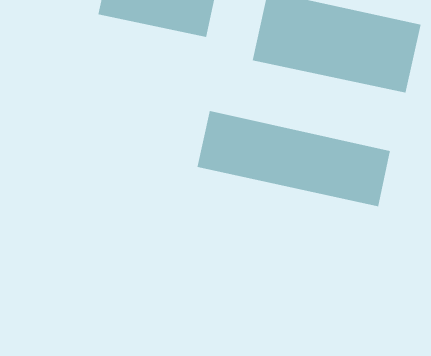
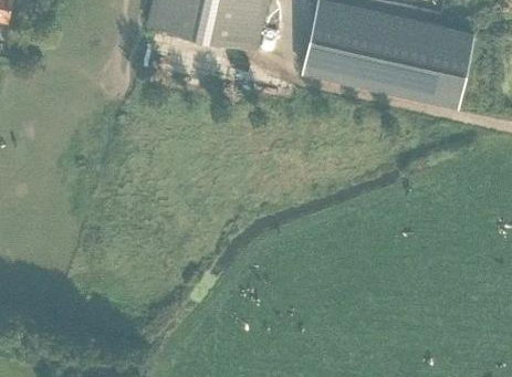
building: [197,110,391,207] -> none

